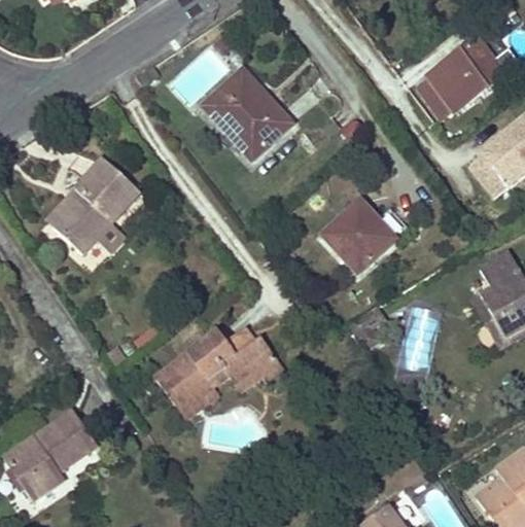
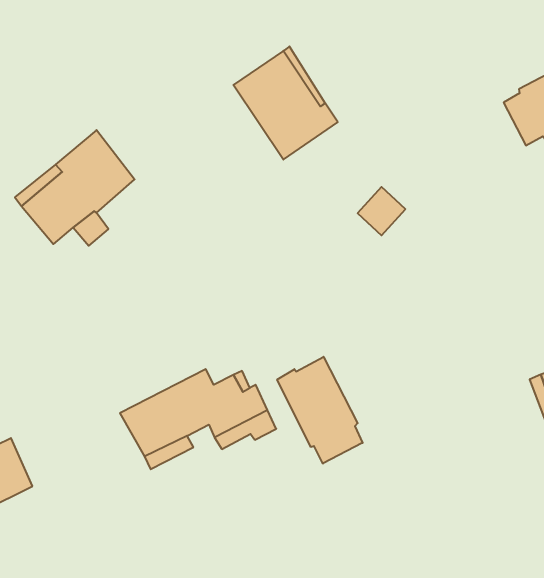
building: [323,199,395,272] -> none
building: none -> [277,357,363,464]

